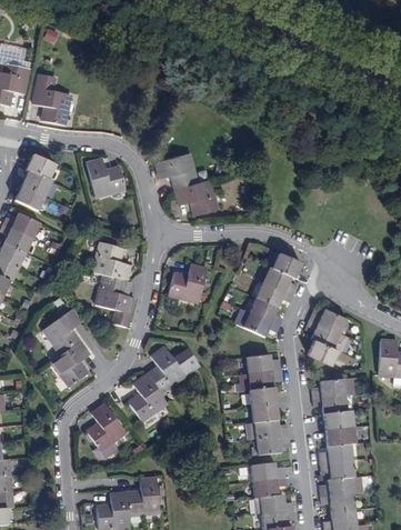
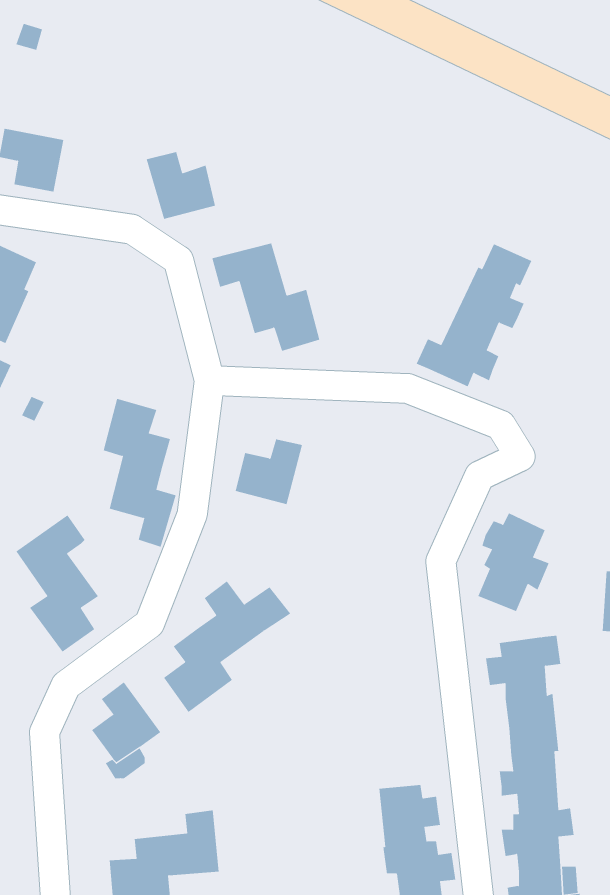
building: [86,158,126,197] -> [146,151,216,219]
building: [234,253,301,336] -> [416,243,532,387]
building: [239,353,289,456] -> none

